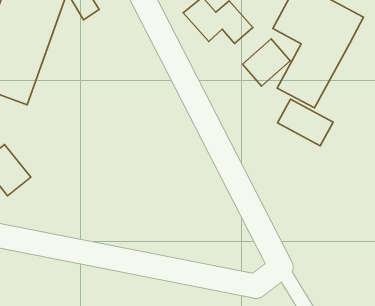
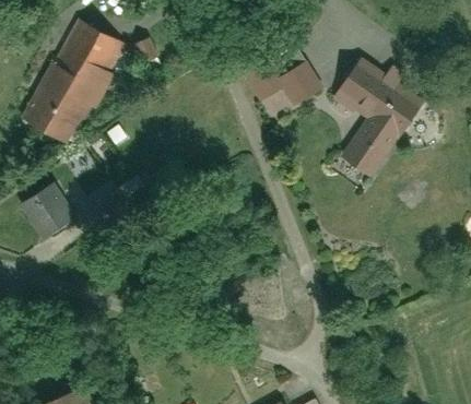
building: [242,39,290,86] -> none
building: [278,99,333,146] -> none

